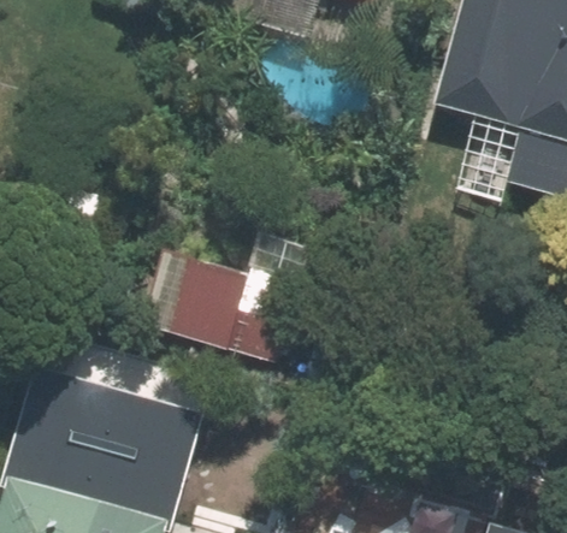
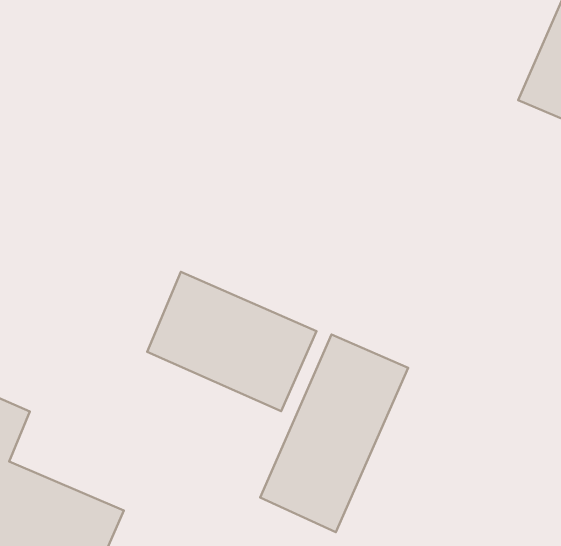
building: none -> [260,334,408,532]

